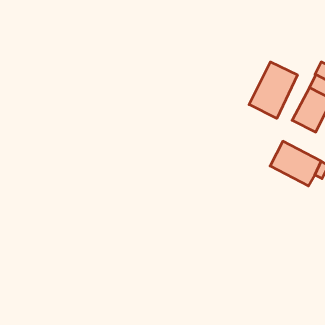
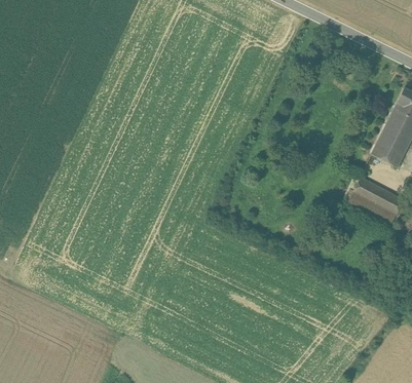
building: [249,62,297,118] -> none

